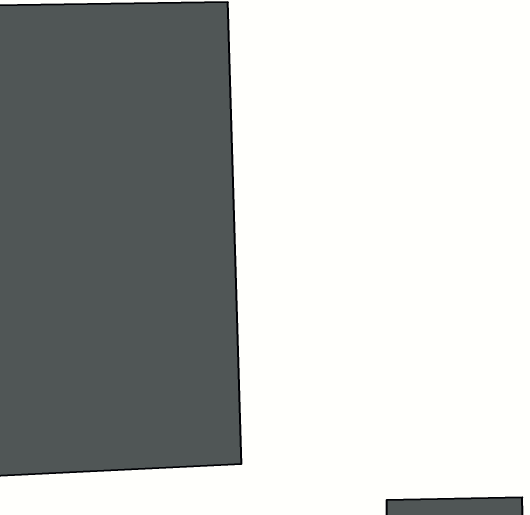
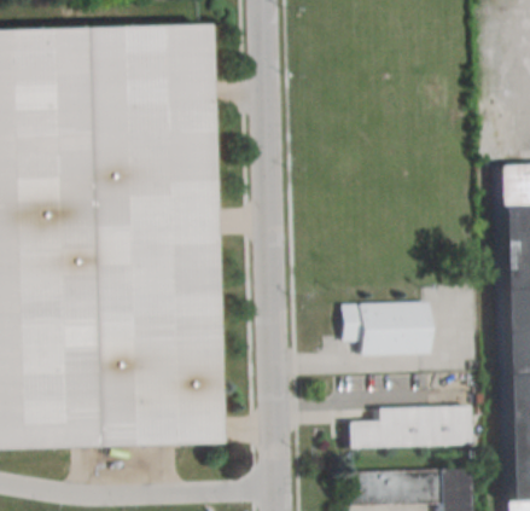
building: none -> [351,303,438,355]
building: none -> [354,407,478,448]

